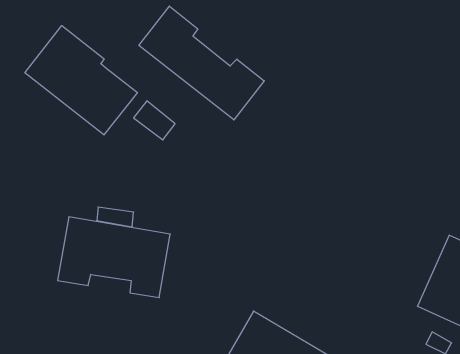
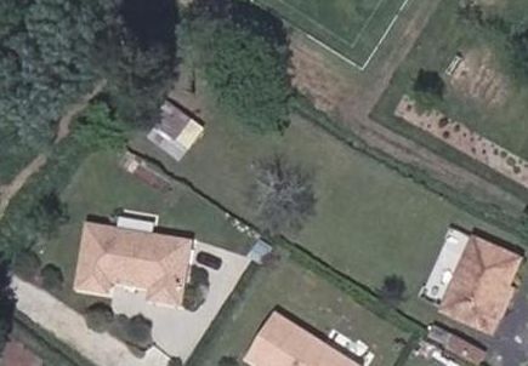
building: [139,6,264,120] -> none
building: [25,26,137,135] -> none

